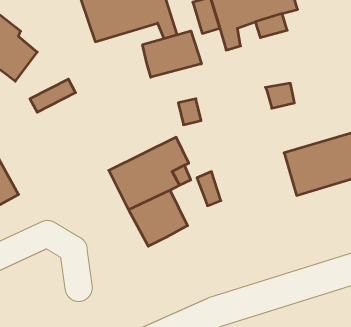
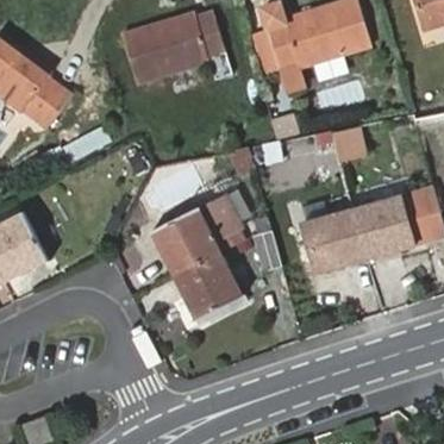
building: [143,31,201,77] -> none
building: none -> [305,211,367,273]

